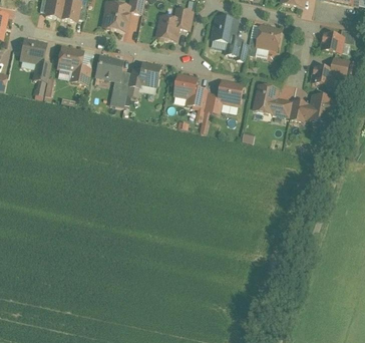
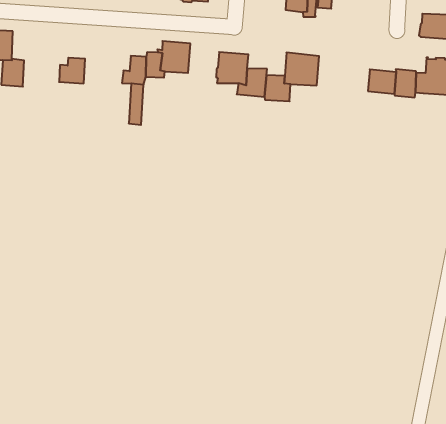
building: [58,47,82,71] -> none
building: [96,55,122,80] -> none
building: [255,86,278,113] -> none

